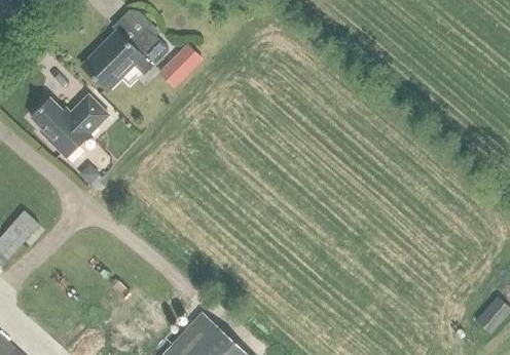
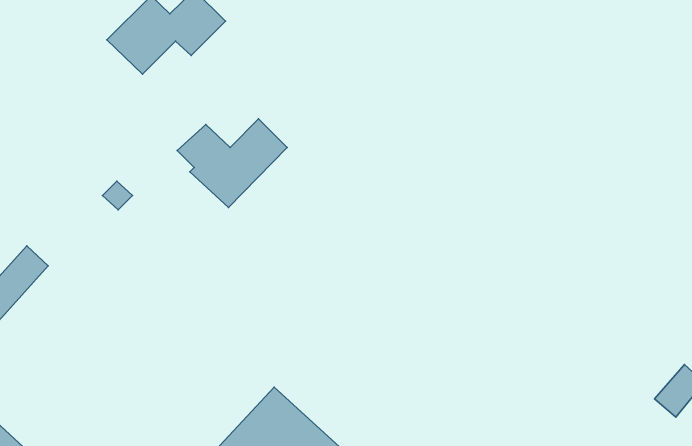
building: [159,43,204,88] -> none
building: [31,94,110,158] -> [177,119,287,208]

